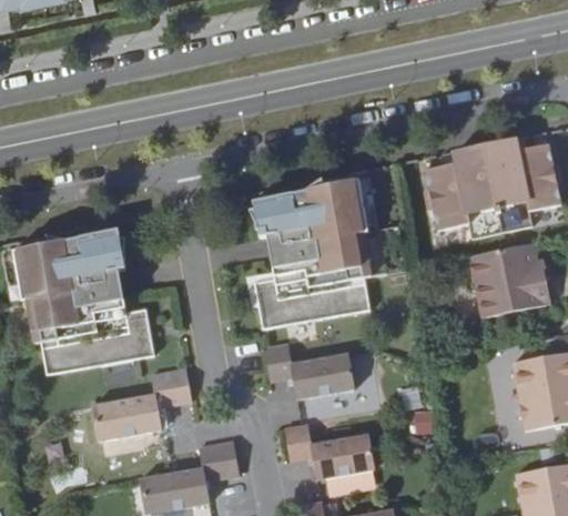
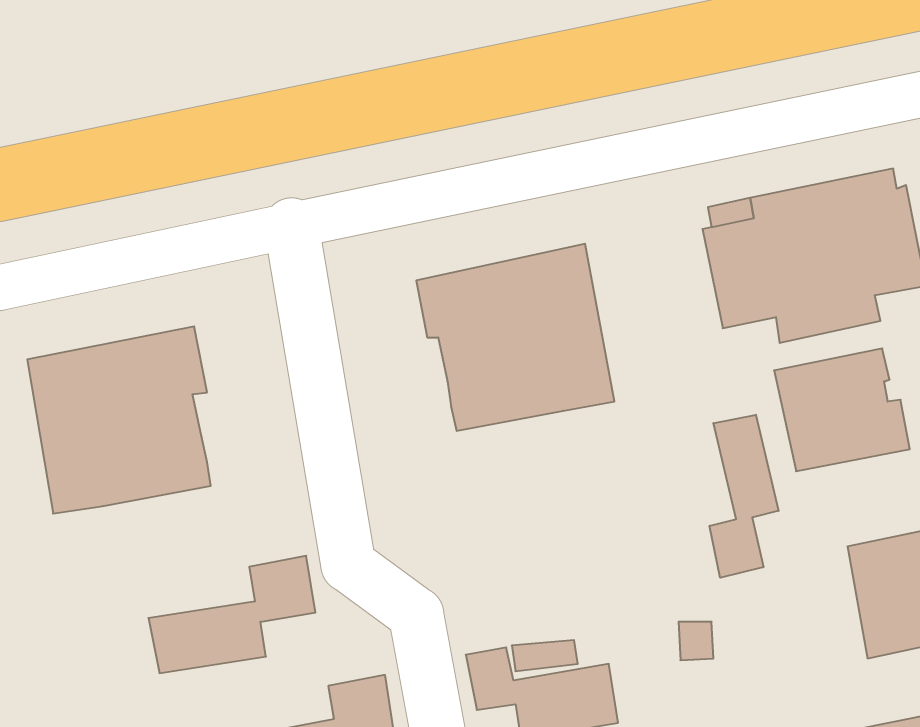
building: [255,279,348,328] -> none
building: none -> [710,415,779,578]
building: [63,310,155,371] -> none
building: [264,343,356,398] -> none

